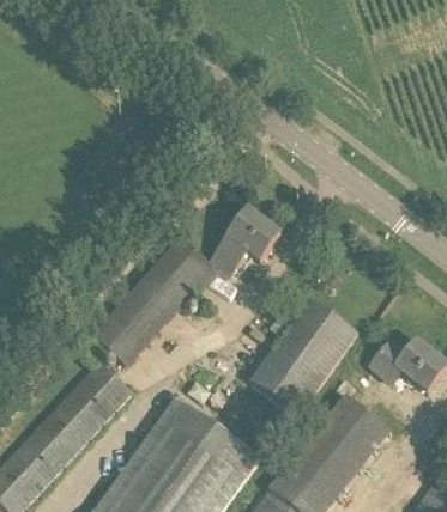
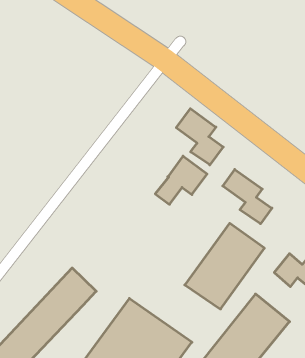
building: none -> [176,109,223,165]
building: none -> [223,169,272,224]
building: [92,239,221,366] -> none

